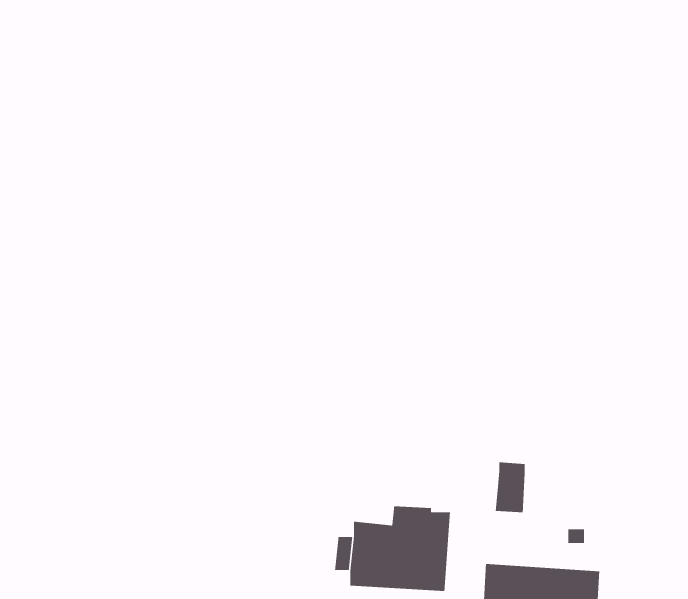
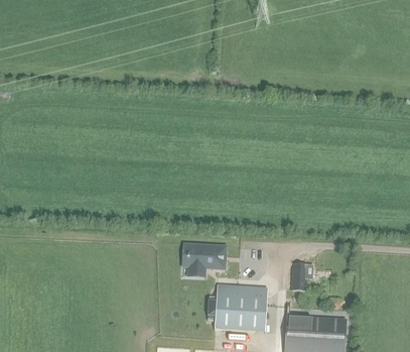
building: none -> [186,244,225,272]

